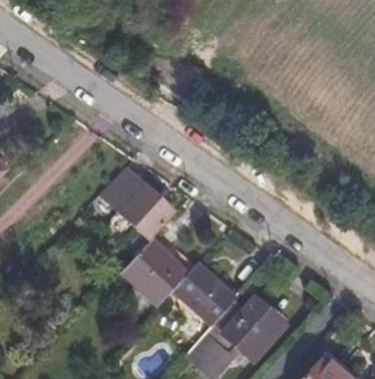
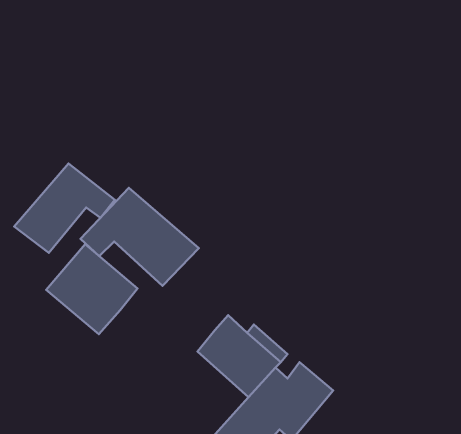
building: none -> [14,164,115,253]
building: [120,242,189,309] -> [46,244,138,334]

